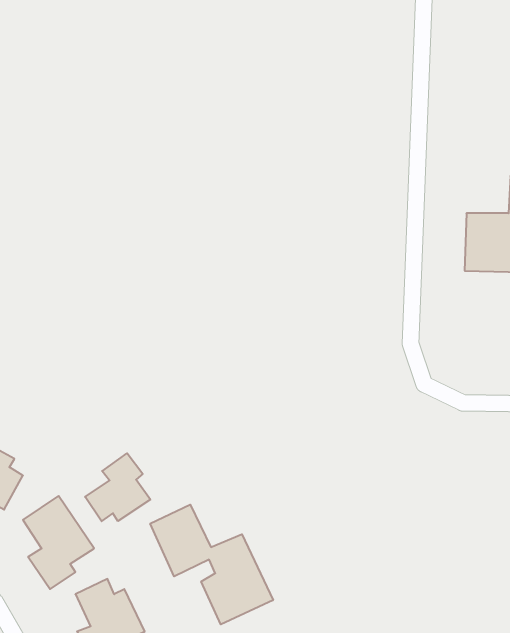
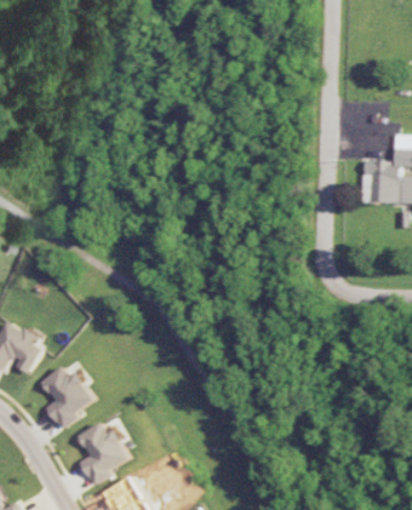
building: [85,453,150,521] -> none
building: [150,505,273,624] -> none

